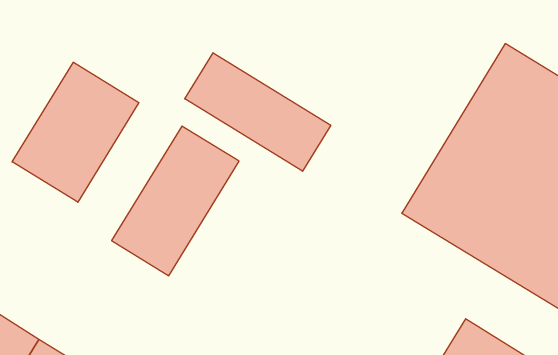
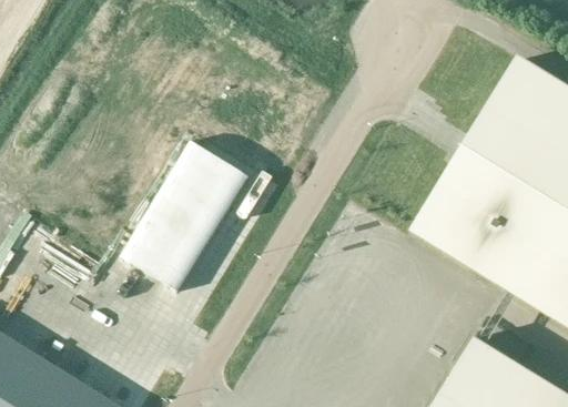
building: [185,53,331,171] -> none
building: [12,62,139,202] -> none

